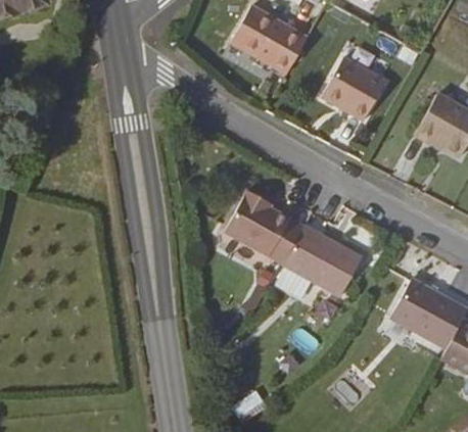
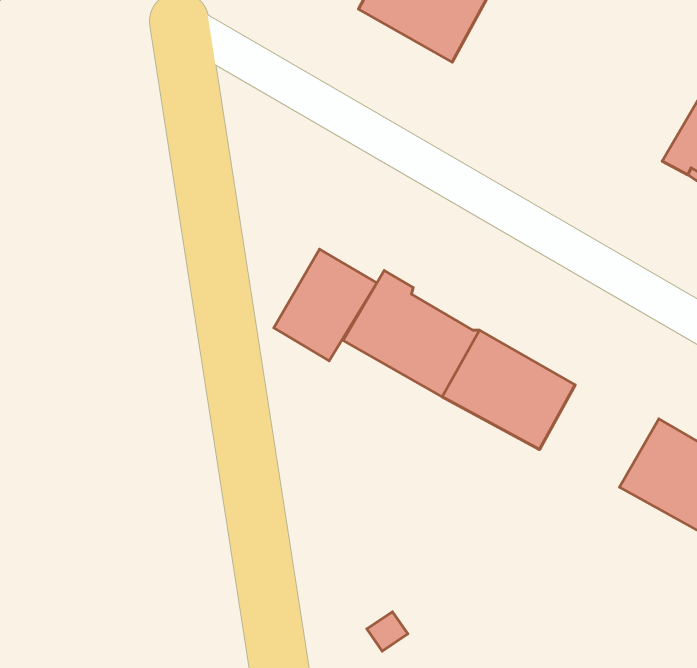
building: [325,49,387,111] -> none
building: none -> [274,249,377,361]

